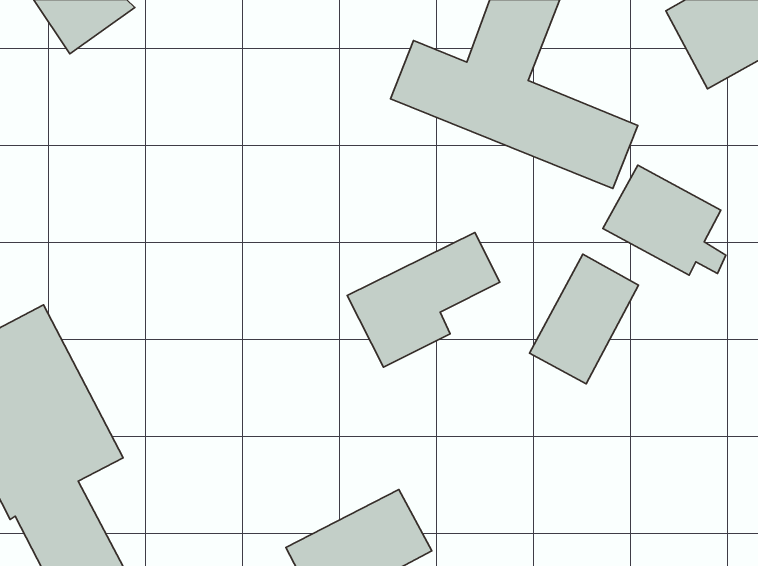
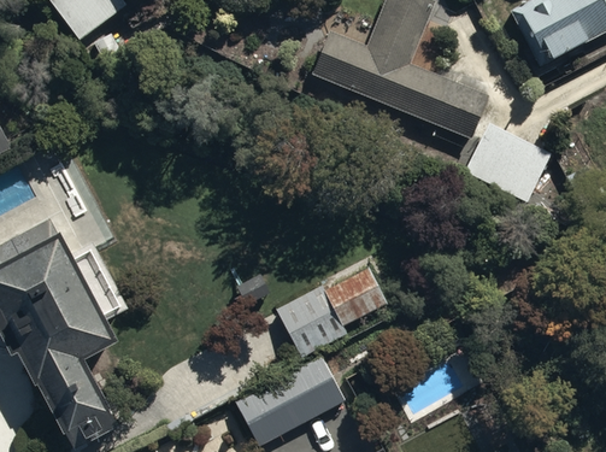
building: [347,232,500,367] -> [275,264,386,362]
building: [529,254,638,384] -> none

